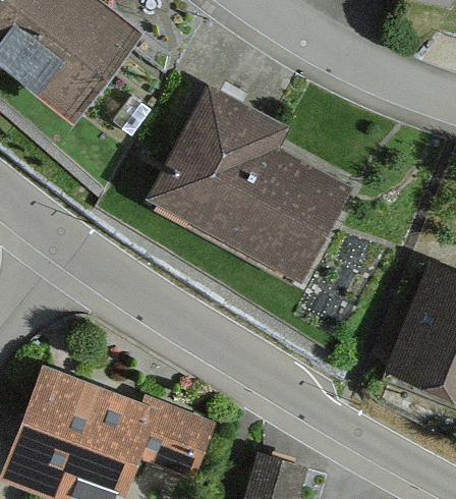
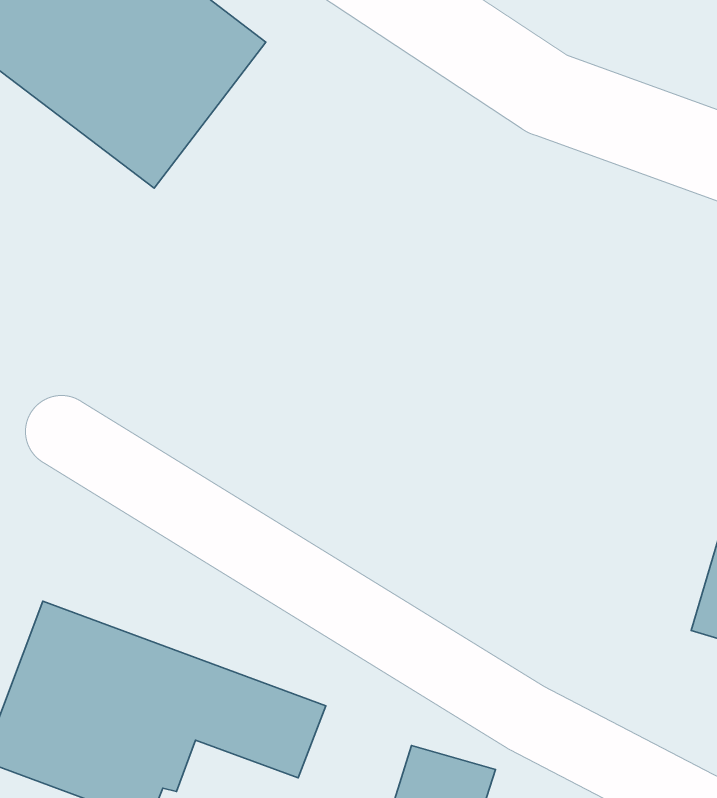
building: [175,101,353,267] -> none

